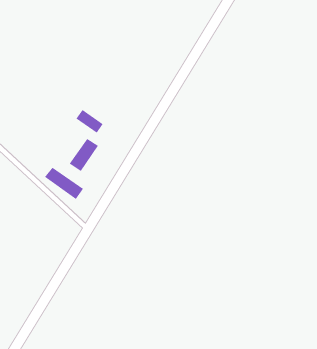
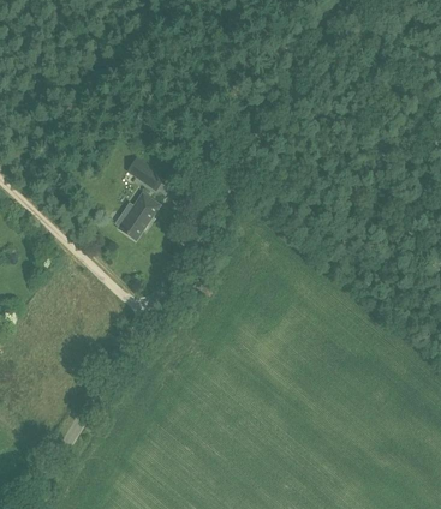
building: [44,167,84,200] -> none

